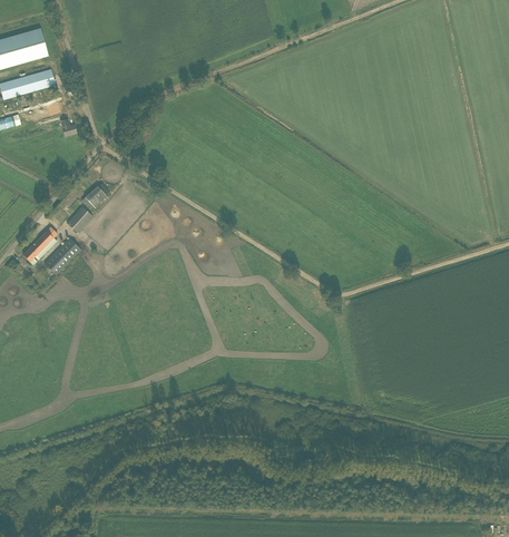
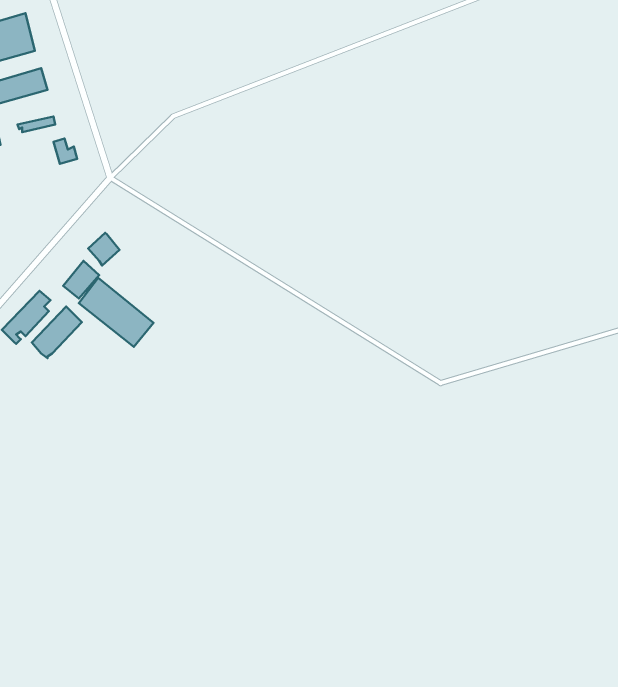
building: none -> [79,278,154,347]

